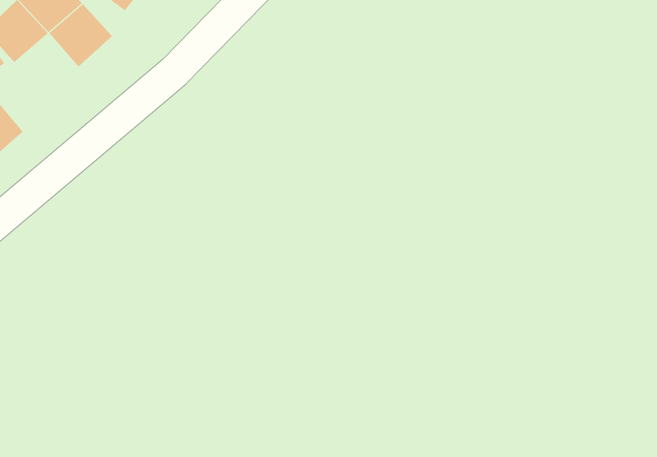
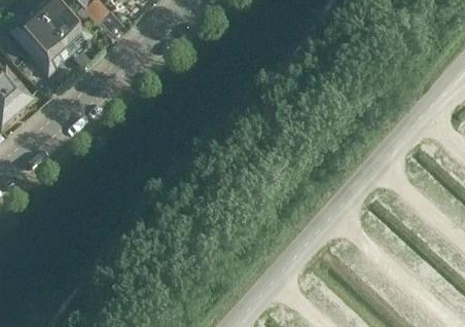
building: none -> [25,31,67,73]

